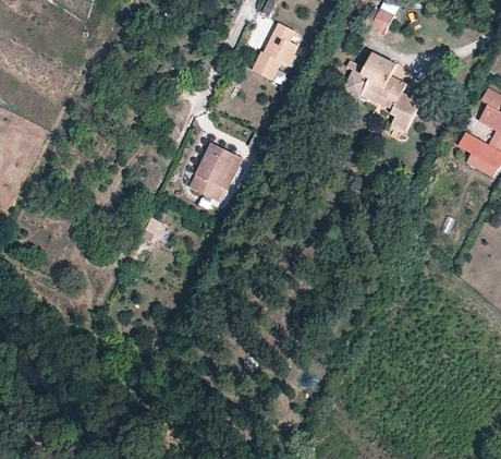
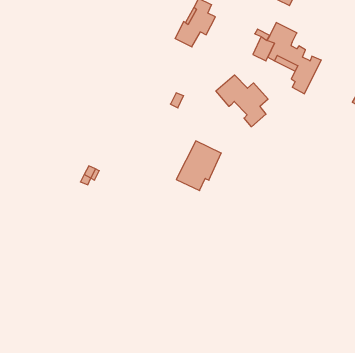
building: none -> [216,75,268,127]
building: [188,143,241,201] -> [176,141,221,191]

